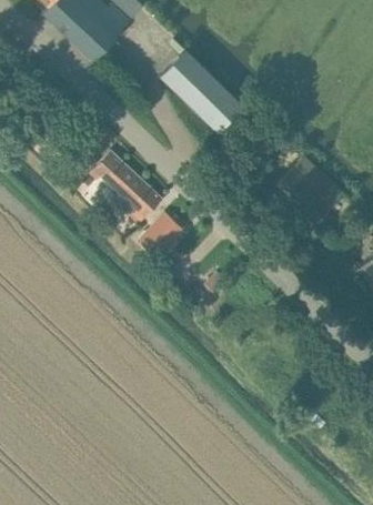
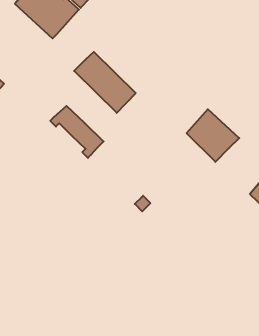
building: [160,50,243,132] -> [74,52,136,113]
building: [139,213,183,259] -> none

